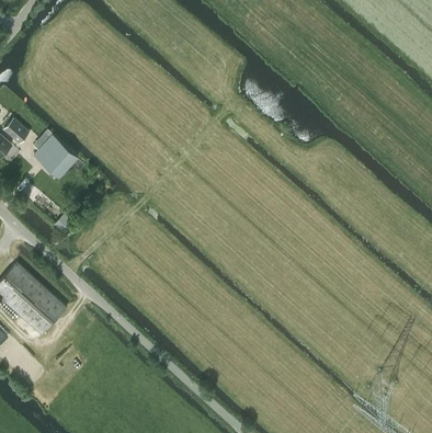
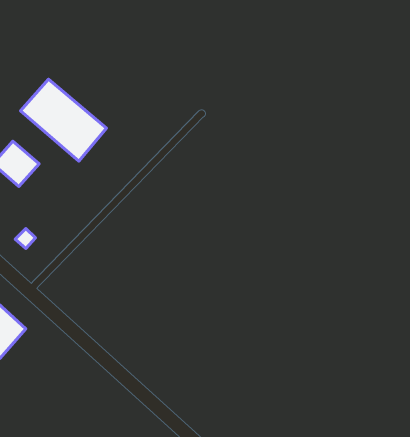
building: none -> [21,79,107,161]

